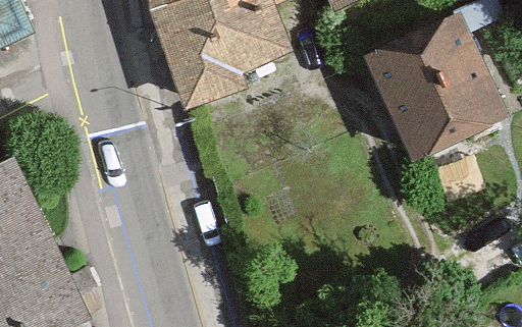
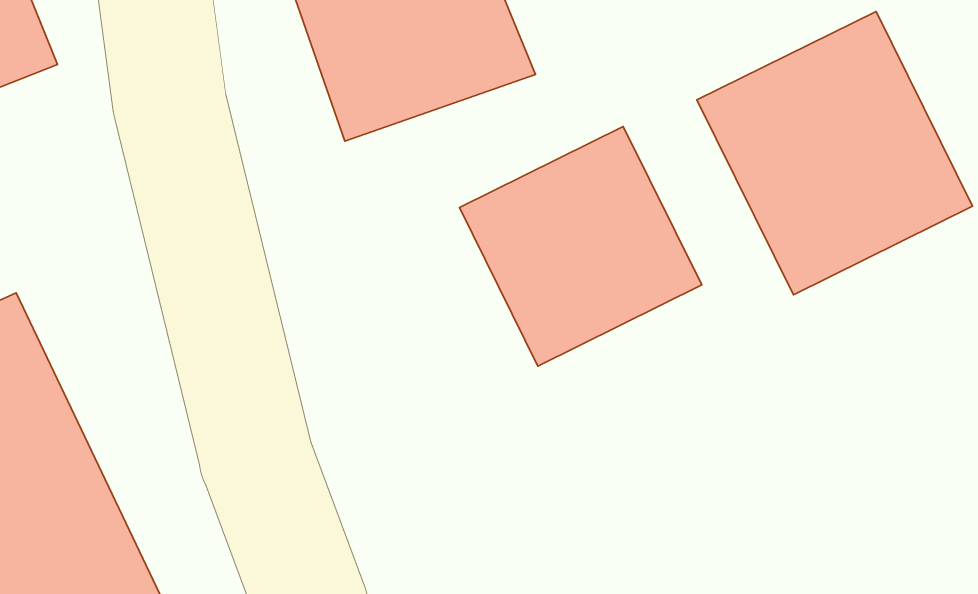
building: none -> [460,127,702,366]

